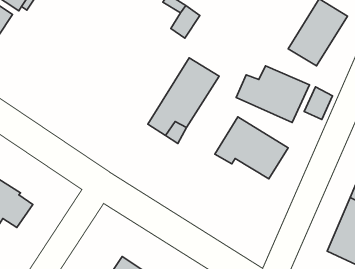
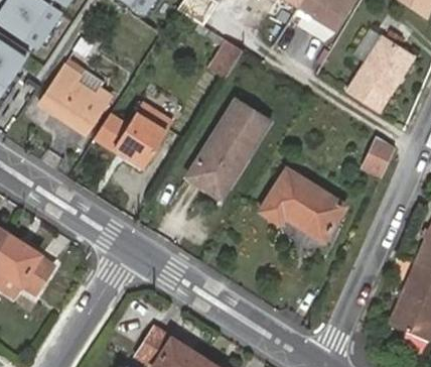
building: none -> [40,67,109,133]
building: none -> [95,104,173,167]
building: [236,66,309,123] -> none

